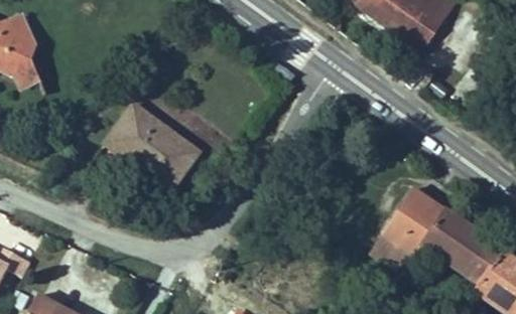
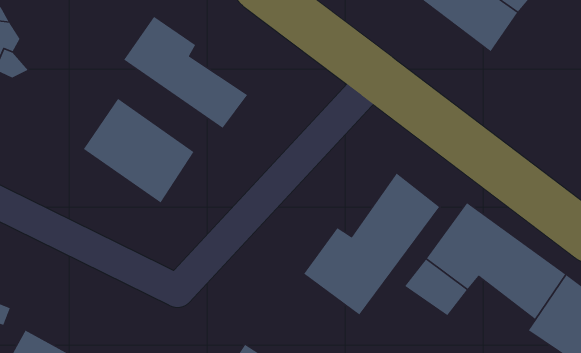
building: none -> [123,16,248,129]
building: none -> [303,173,440,316]

